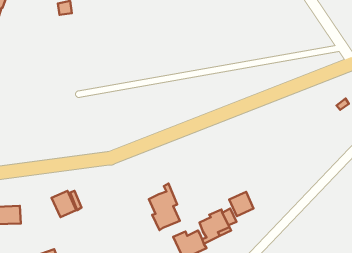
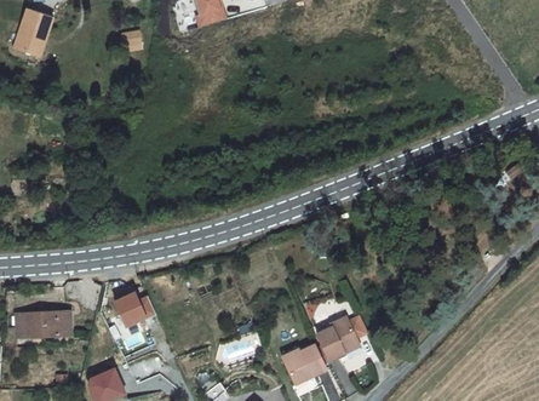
building: [149,184,180,230] -> none
building: [229,192,253,216] -> none

